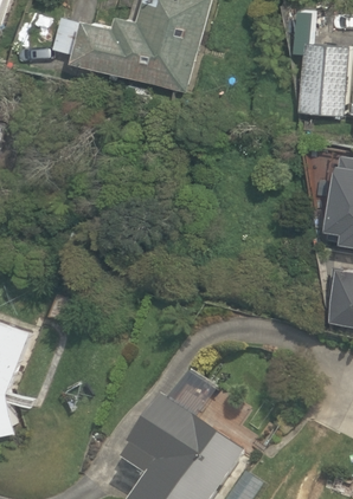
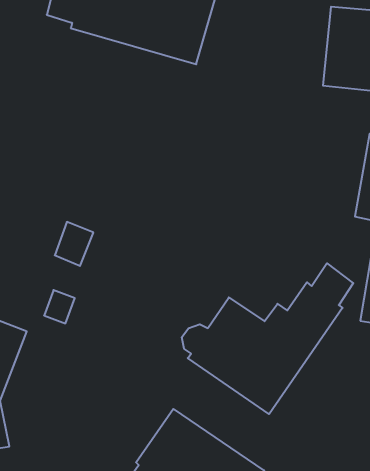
building: none -> [182,263,353,414]

